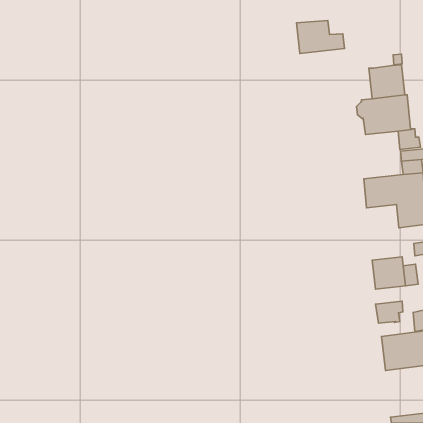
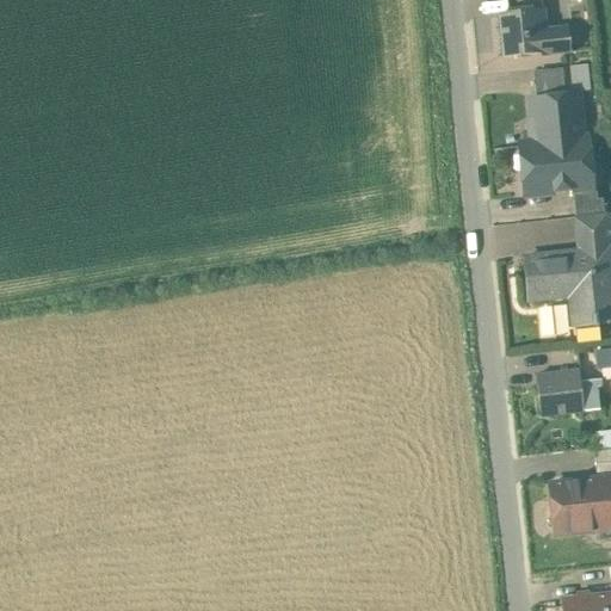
building: [296,20,345,54] -> [500,8,569,56]
building: none -> [535,67,566,98]
building: [376,301,403,323] -> none

